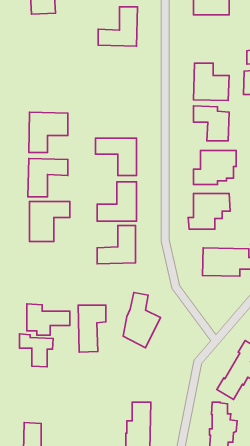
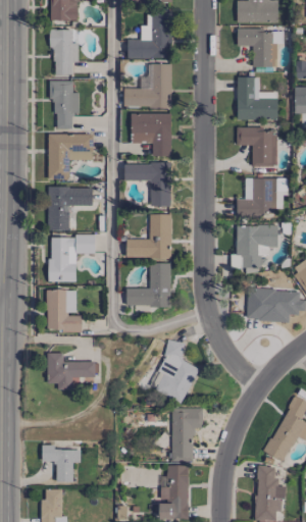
building: none -> [51,29,79,75]
building: none -> [237,30,283,67]
building: none -> [123,63,171,108]
building: none -> [49,81,80,128]
building: none -> [132,113,171,156]
building: none -> [47,290,82,331]
building: [78,305,106,352] -> [171,408,203,462]
building: [19,334,53,367] -> [42,445,81,482]

